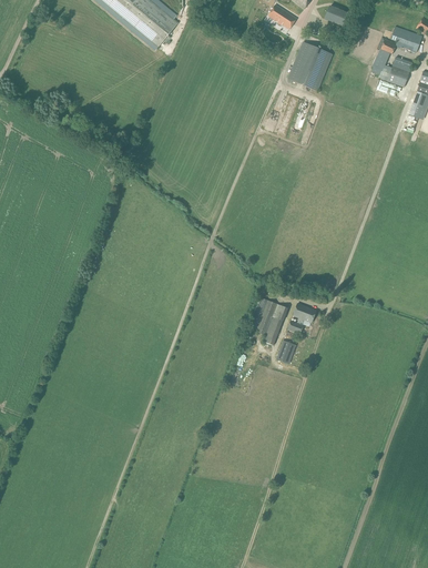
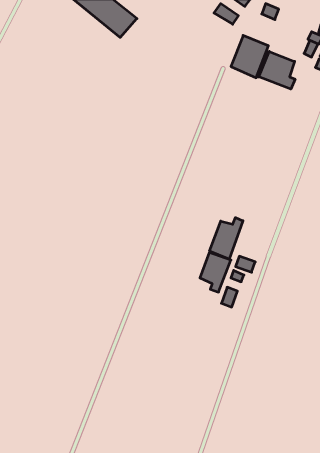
building: none -> [259,51,295,89]
building: none -> [210,218,243,259]

